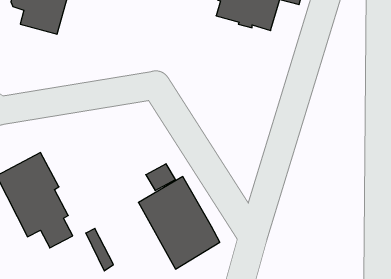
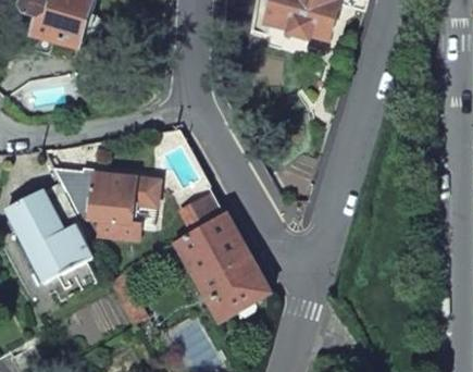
building: none -> [53,170,160,238]

